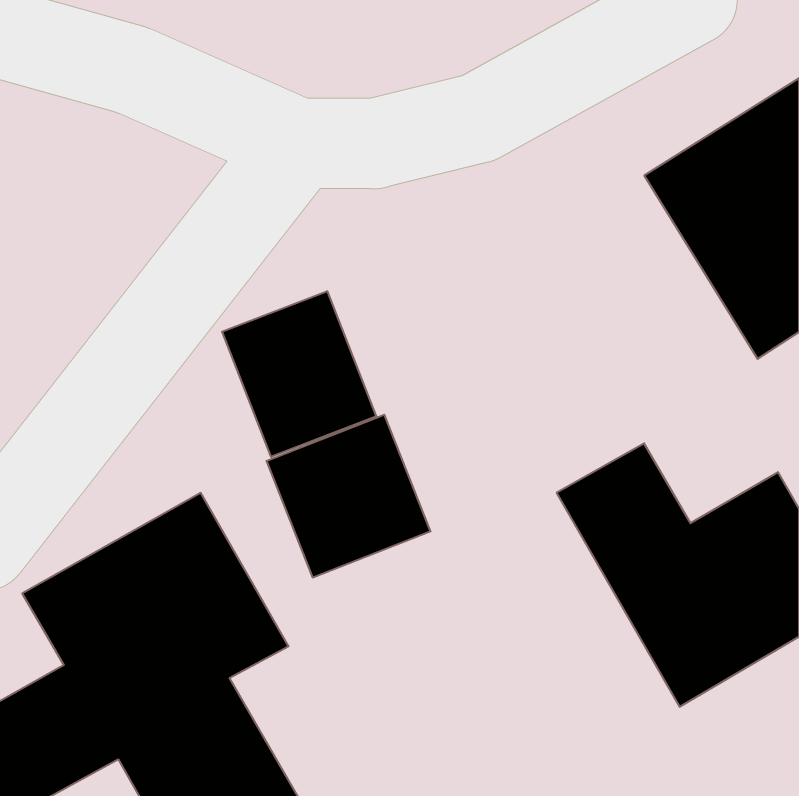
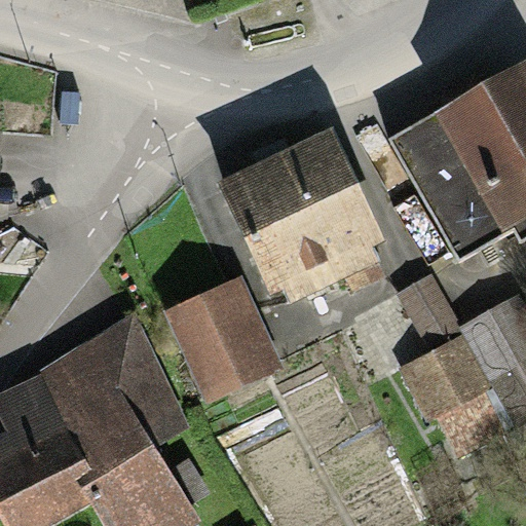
building: none -> [240,122,393,288]
building: [222,291,376,457] -> none

